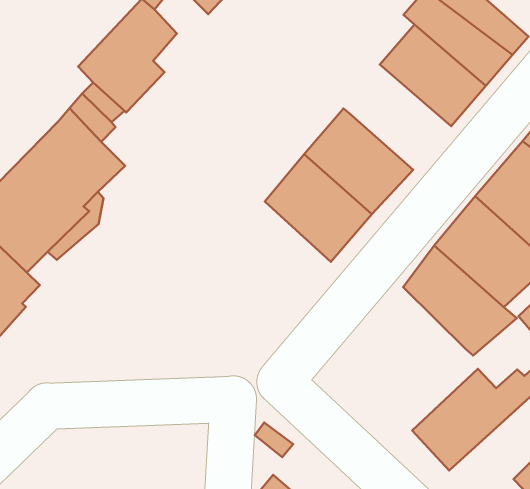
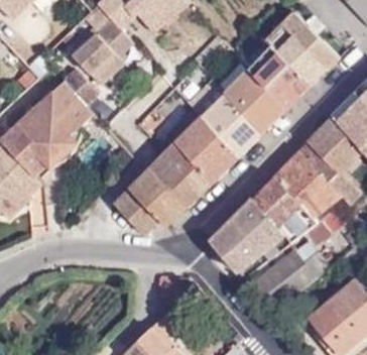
building: none -> [226,68,288,131]
building: none -> [113,143,212,235]
building: none -> [211,200,287,275]

